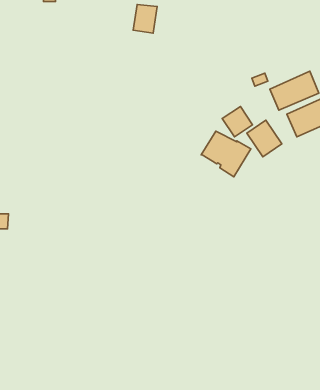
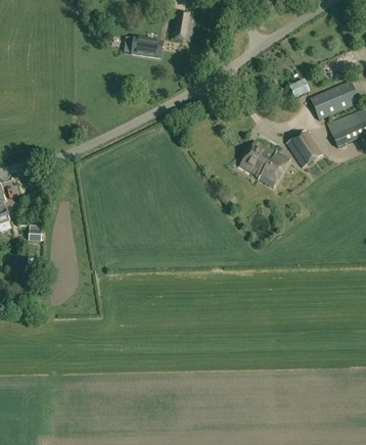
building: none -> [132,37,163,56]
building: [222,107,253,137] -> none

